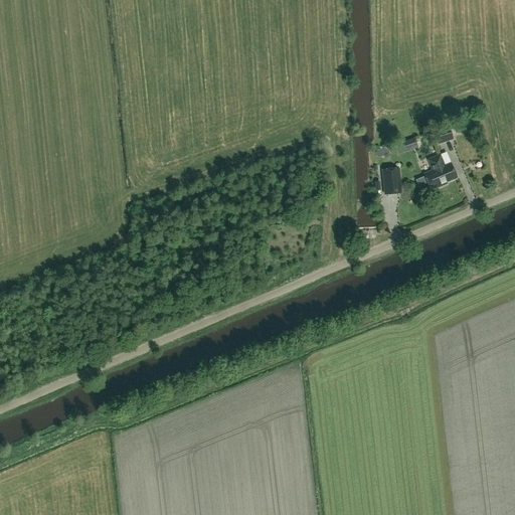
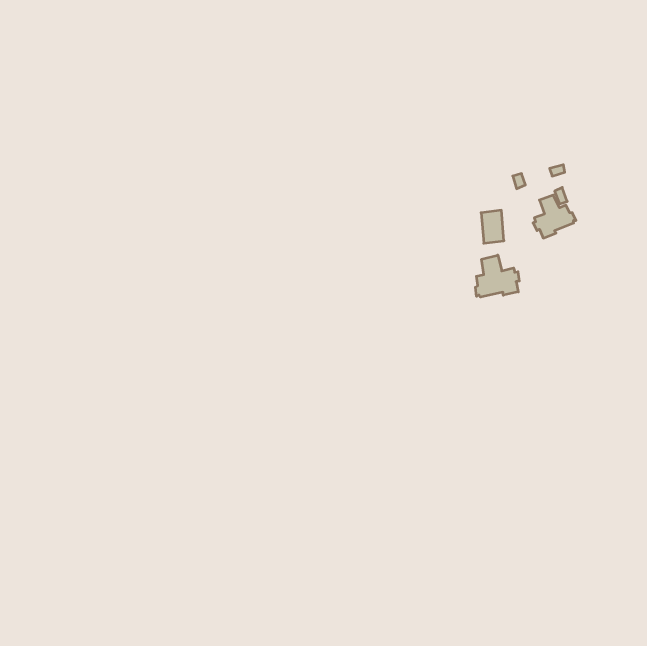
building: none -> [475,255,519,297]

